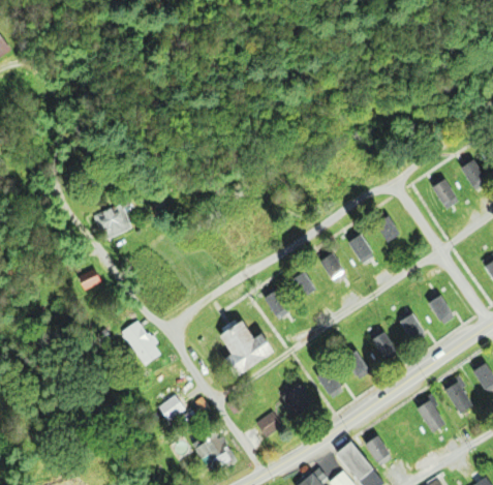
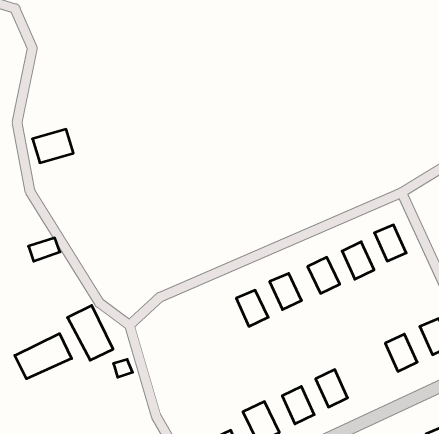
building: [94,208,131,240] -> [32,129,73,163]
building: [220,322,277,378] -> none
building: [366,328,396,361] -> none
building: none -> [15,334,72,379]
building: [158,394,185,422] -> none

